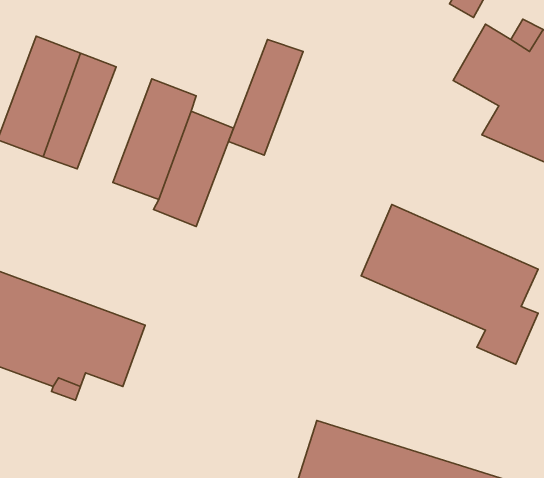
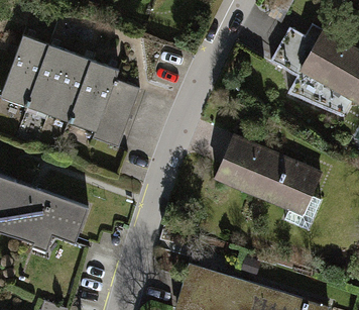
building: [228,40,303,155] -> [48,54,93,122]

